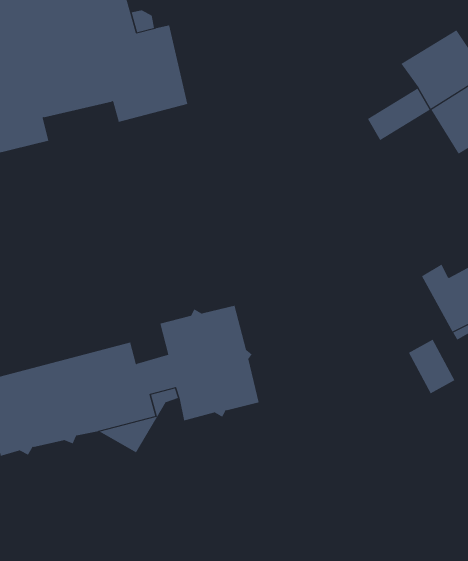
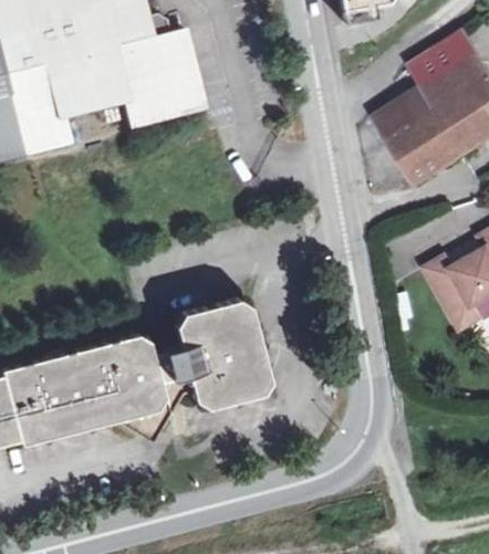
building: none -> [387,111,462,186]
building: [408,339,455,394] -> none

